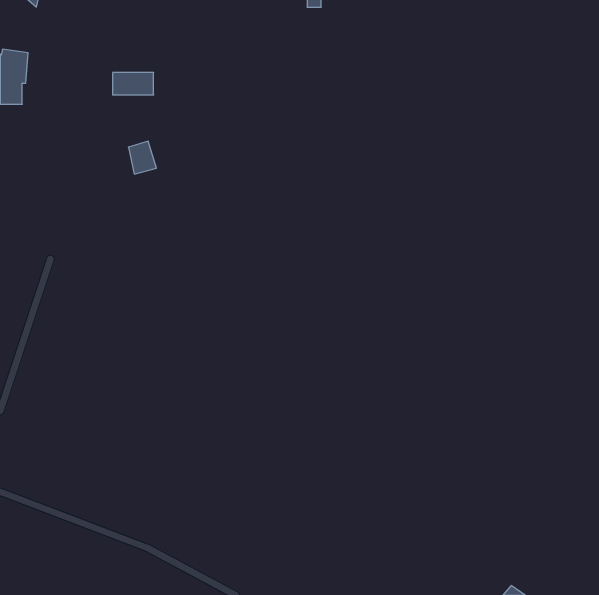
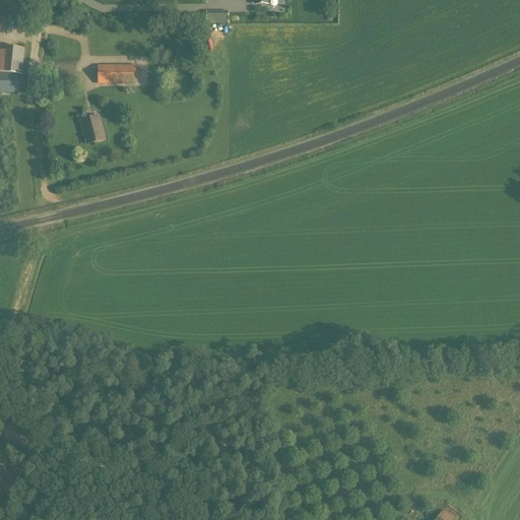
building: [128,141,156,174] -> [81,114,106,142]

